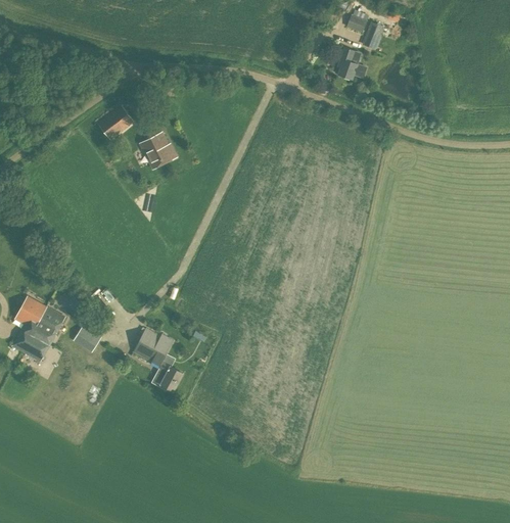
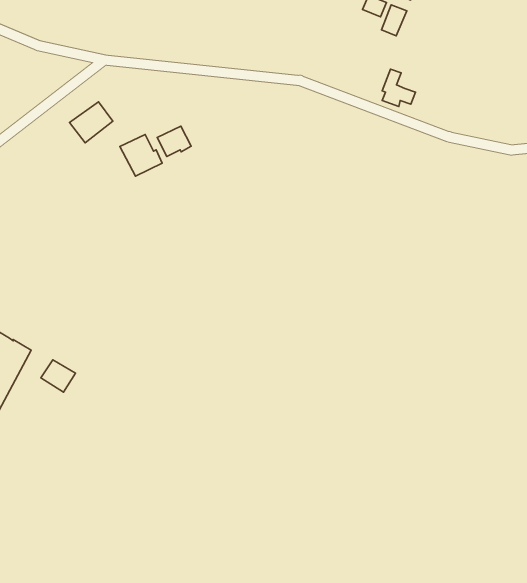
building: [337,47,366,79] -> [382,69,416,107]
building: none -> [157,126,191,157]
building: [133,328,183,391] -> none

